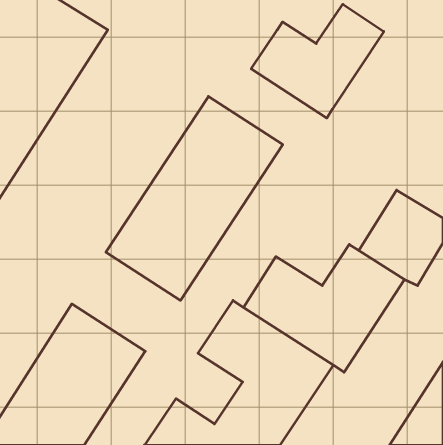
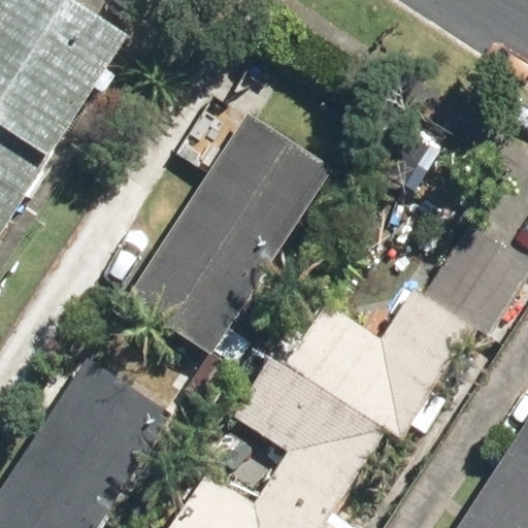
building: [251,4,384,118] -> none

